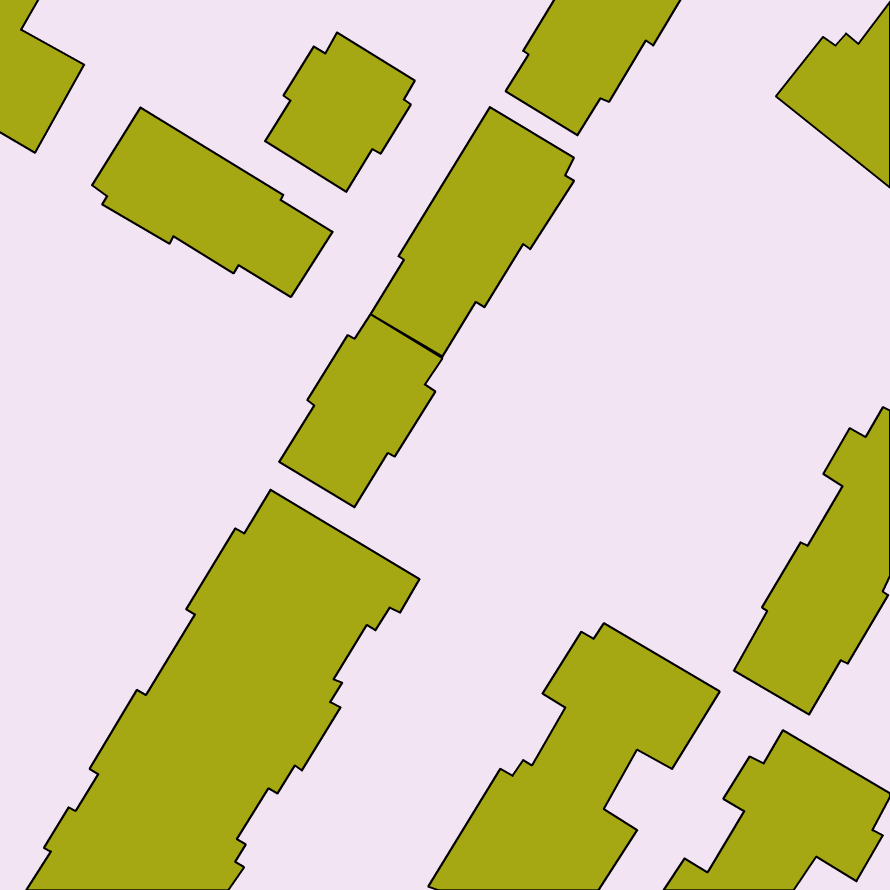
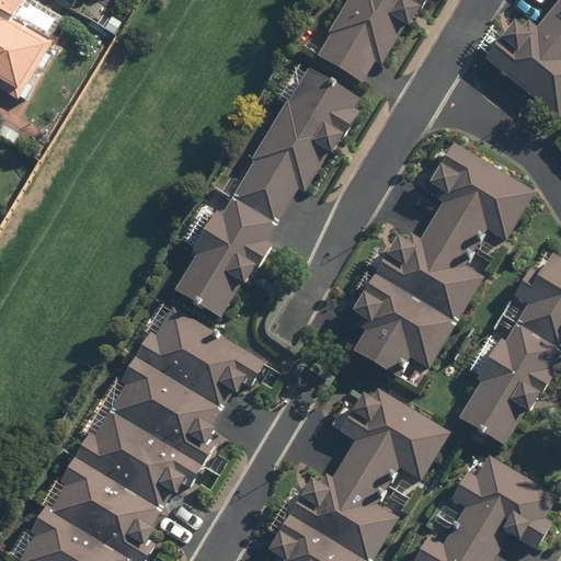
building: [265,32,415,192] -> none
building: [92,107,333,297] -> none
building: none -> [352,144,535,378]

